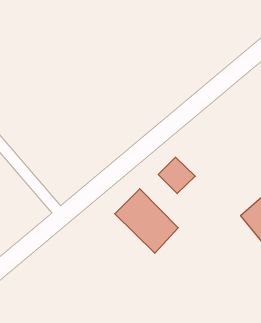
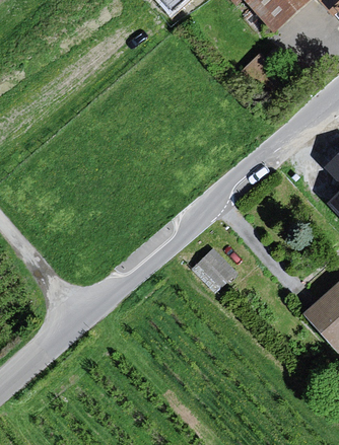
building: [115,189,178,253] -> none

